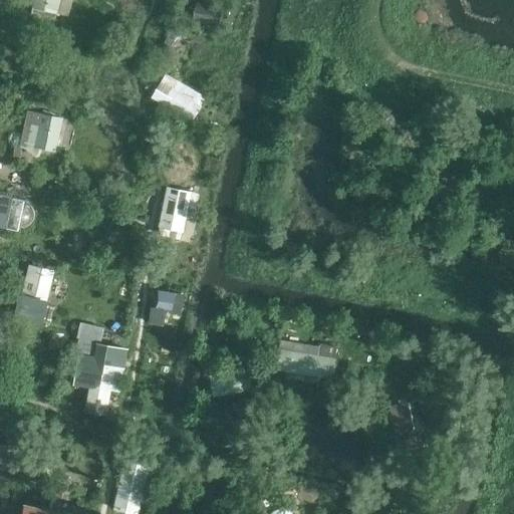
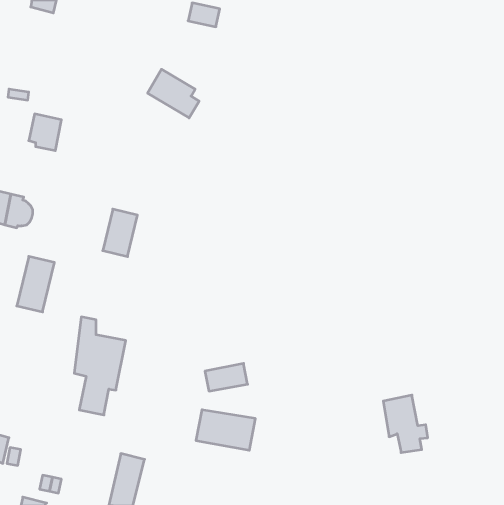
building: [155,188,190,236] -> [103,209,137,257]
building: [147,290,181,325] -> none
building: [274,338,334,379] -> [196,410,255,450]

